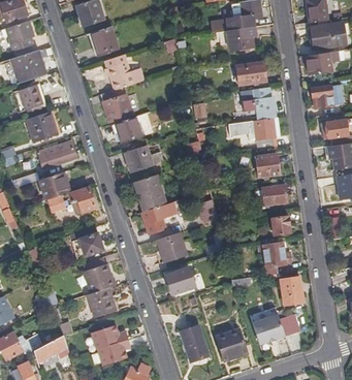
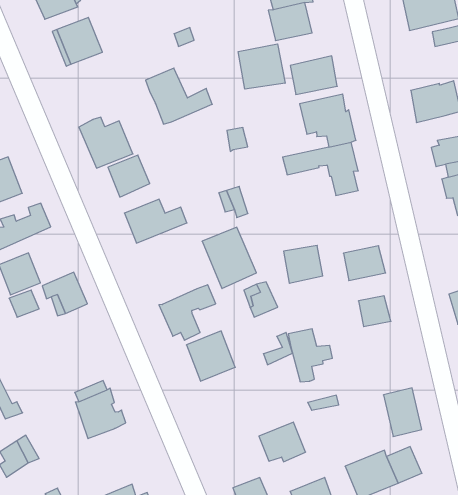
building: none -> [238,44,285,89]
building: [299,53,331,72] -> none
building: [99,56,140,91] -> [146,68,212,124]
building: [255,154,279,177] -> [284,245,323,283]
building: [133,173,166,212] -> [202,227,256,289]
building: [69,227,103,258] -> none
building: [263,242,290,275] -> [288,329,332,382]
building: [160,268,189,293] -> [259,422,306,462]
building: [87,288,115,317] -> none

